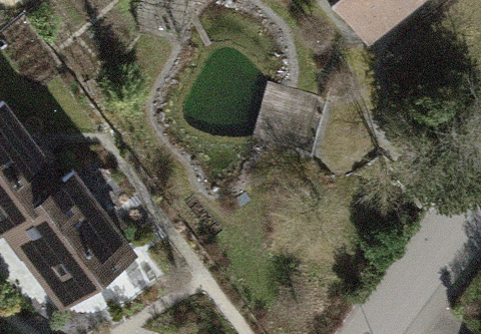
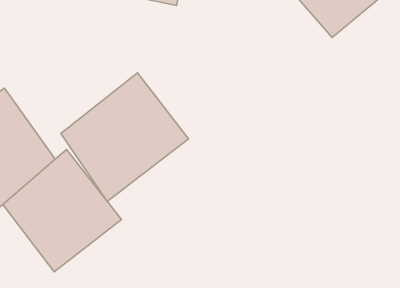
building: none -> [61,73,189,201]

